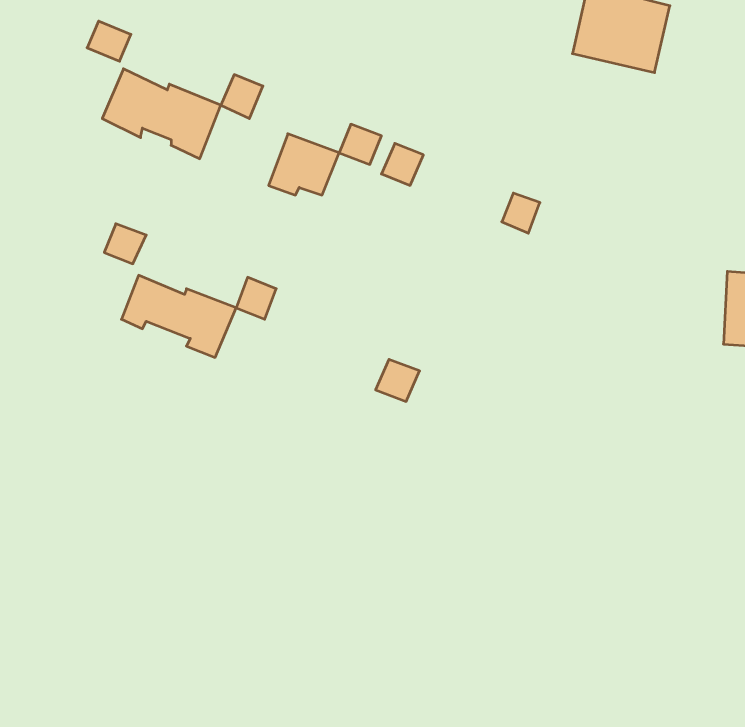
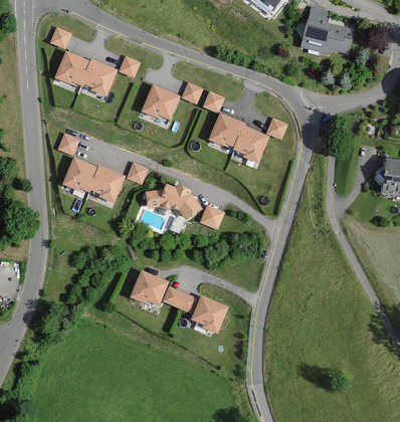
building: none -> [209,115,268,163]
building: none -> [145,178,201,216]
building: none -> [130,270,229,336]

